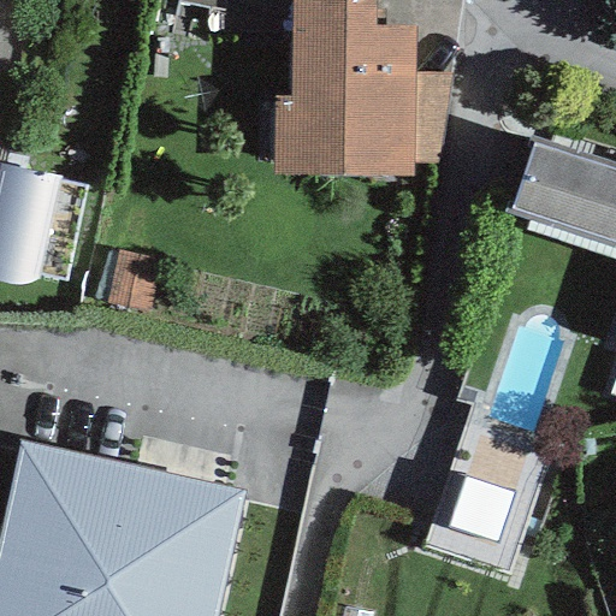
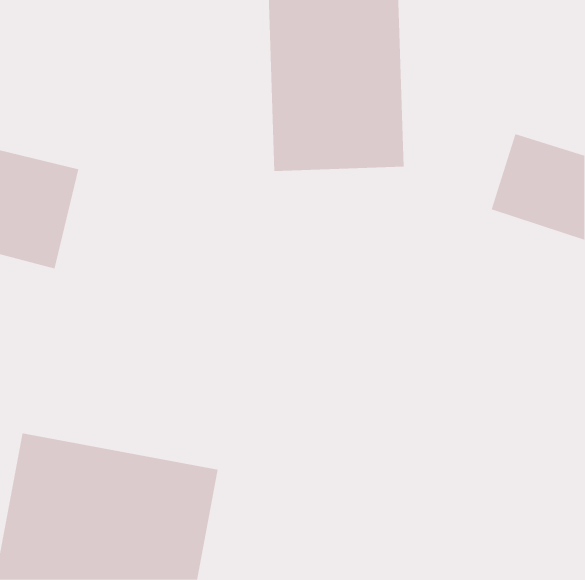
building: [436,427,544,571] -> none

